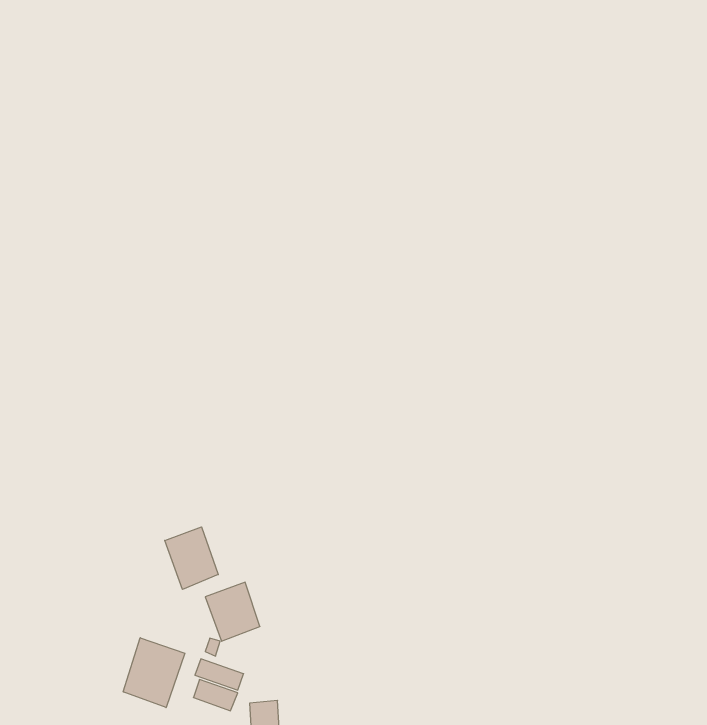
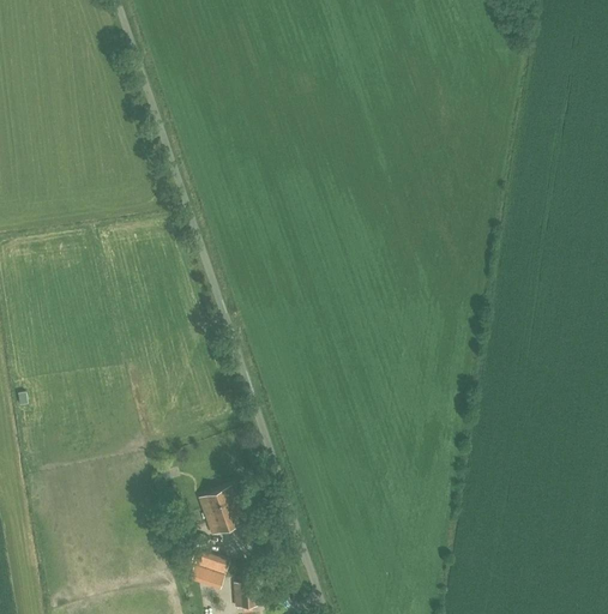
building: [165,527,218,589] -> none
building: [123,638,185,708] -> none

